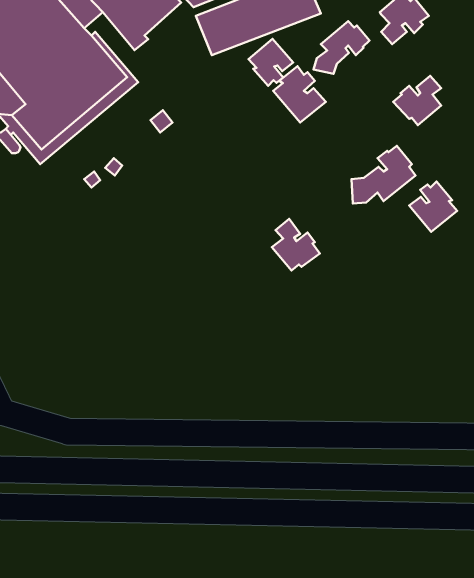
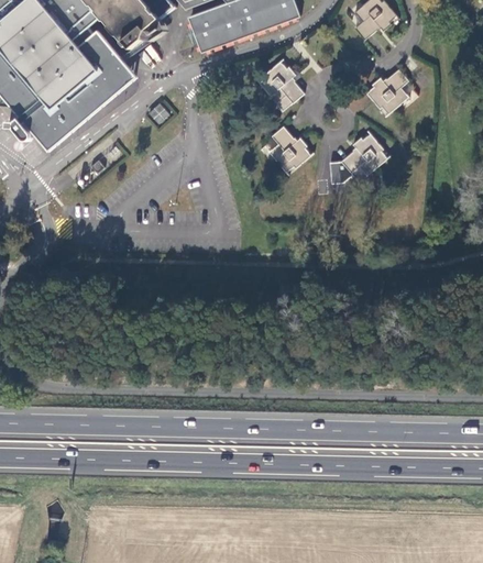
building: [313,21,369,74] -> none
building: [248,39,293,86] -> none
building: [409,182,457,232] -> none
building: [272,219,320,271] -> [268,125,311,172]

